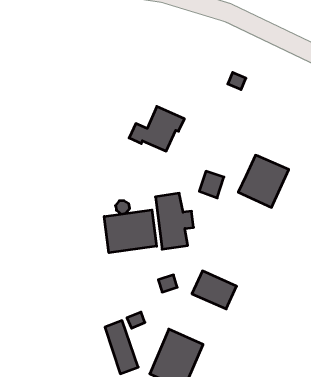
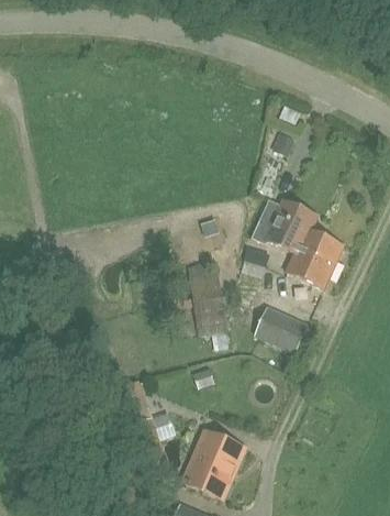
building: [129,106,184,151] -> [250,199,314,251]
building: [104,210,157,253] -> none
building: [192,271,237,309] -> [254,306,305,350]

